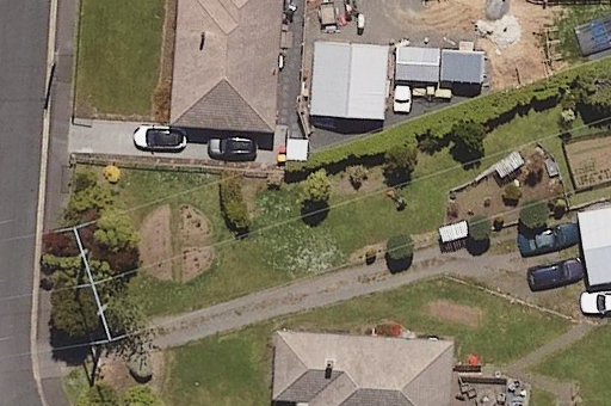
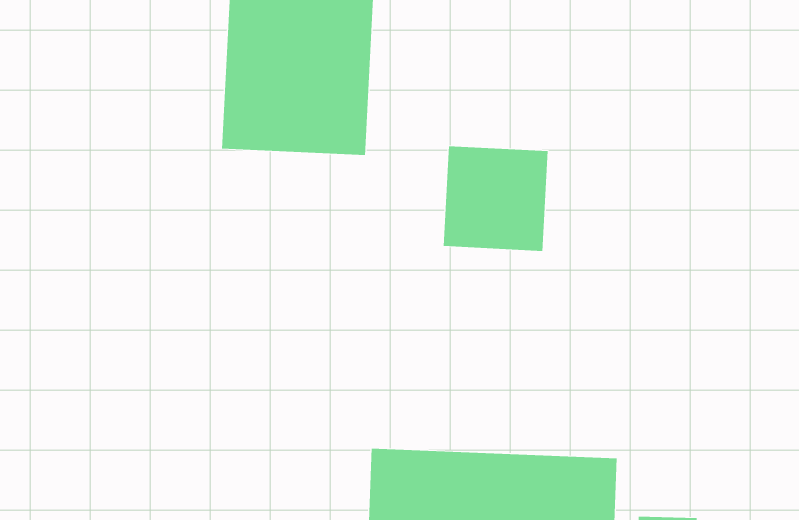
building: [313,44,387,118] -> [443,146,548,251]

